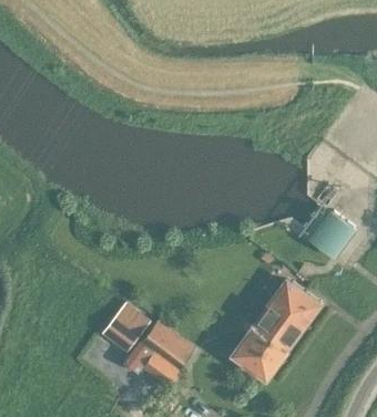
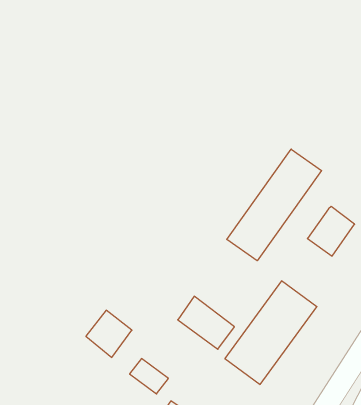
building: none -> [227,149,322,261]
building: [142,320,195,369] -> [178,296,234,349]

